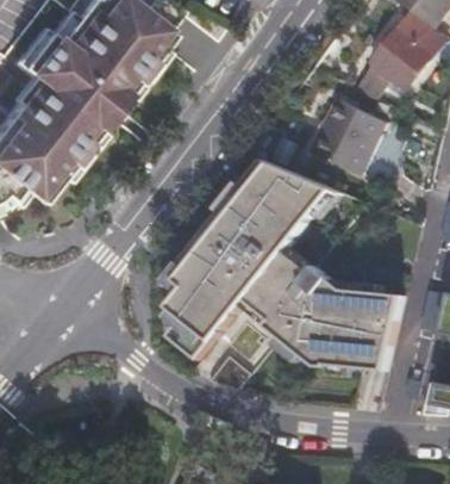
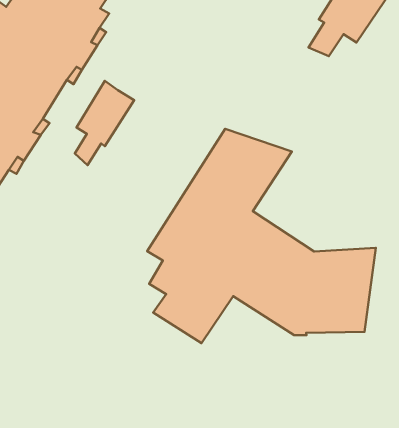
building: none -> [75,81,134,165]
building: [315,105,389,179] -> none

